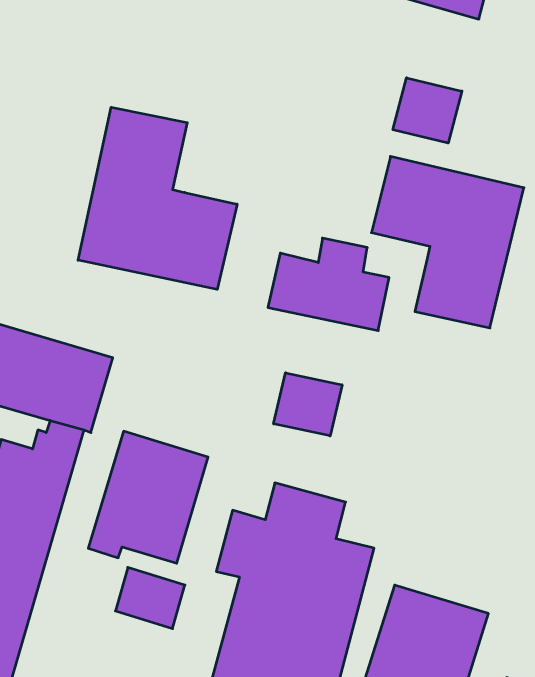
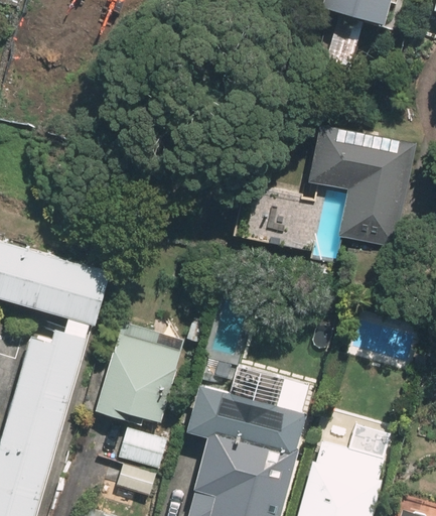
building: [393,78,462,143] -> none
building: [78,107,237,289] -> none
building: [274,373,342,436] -> none

